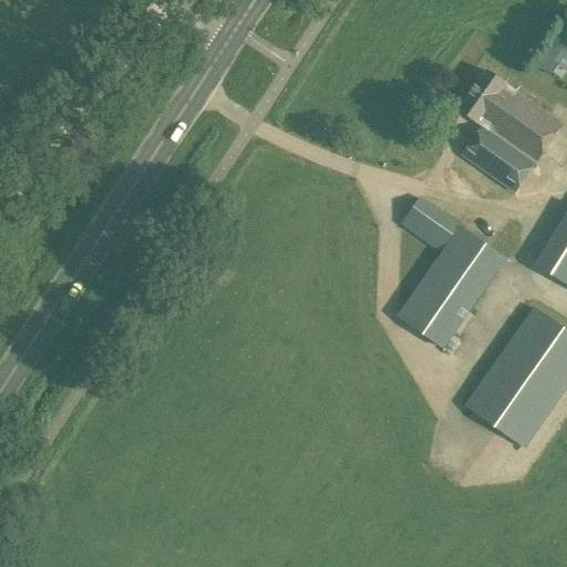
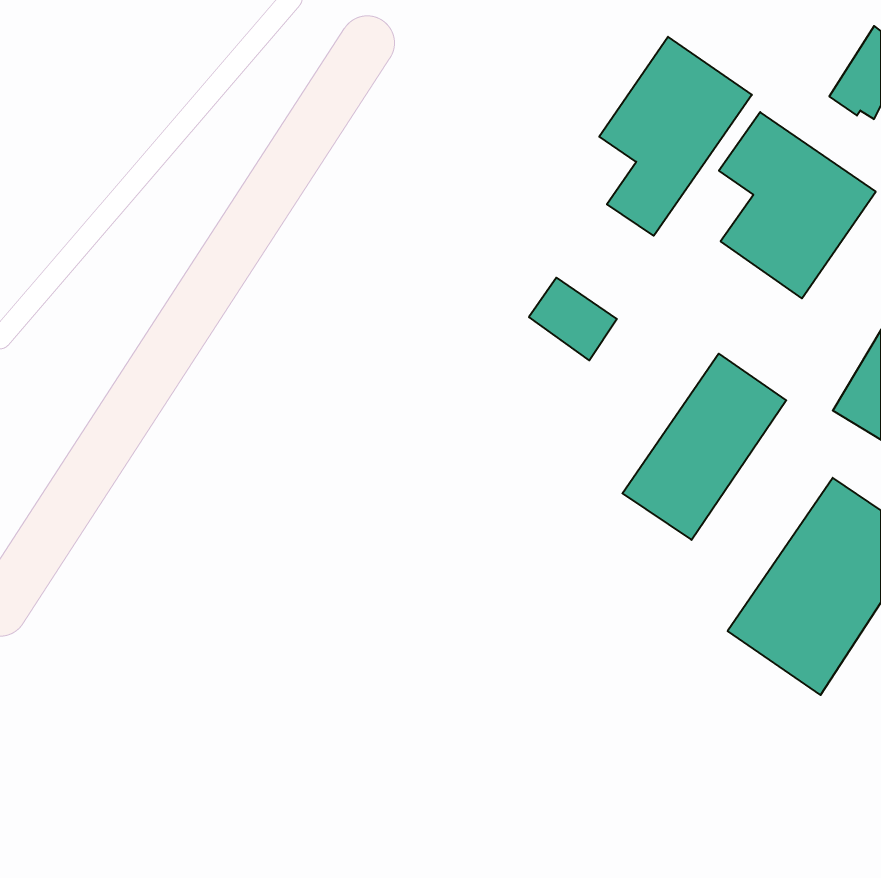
building: none -> [599,37,752,236]
building: [402,198,458,251] -> [529,278,617,360]

